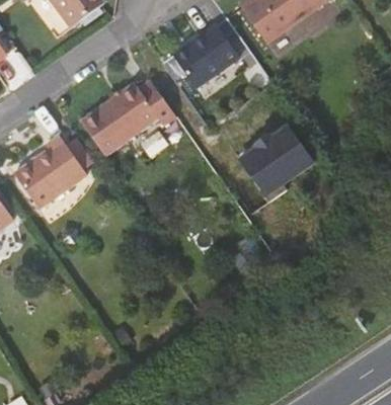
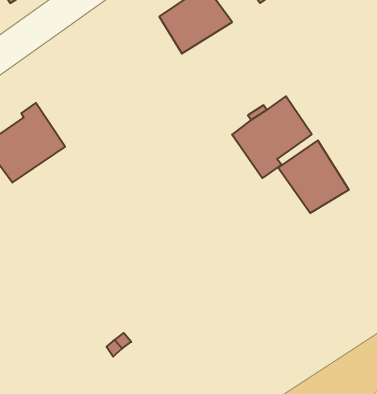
building: [81,80,175,156] -> none
building: none -> [278,140,349,213]

